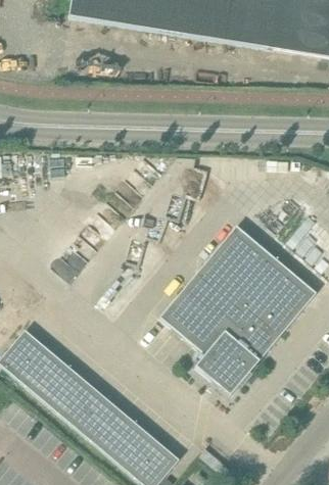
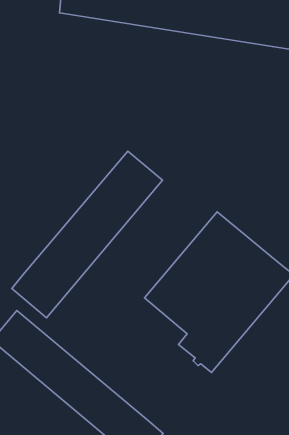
building: none -> [12,151,163,318]

